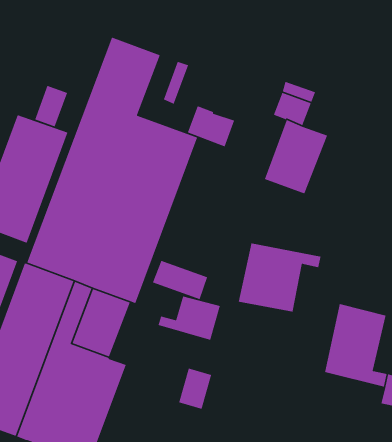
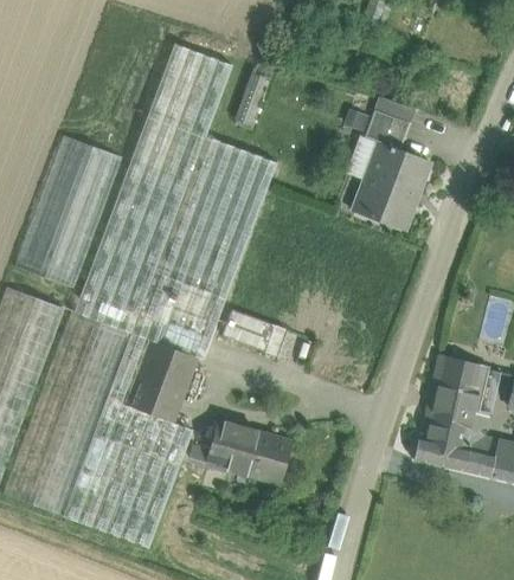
building: [34,85,68,128] -> none
building: [187,105,235,148] -> none
building: [238,242,321,313] -> none
building: [157,295,221,341] -> [191,421,265,475]
building: none -> [416,438,496,476]

